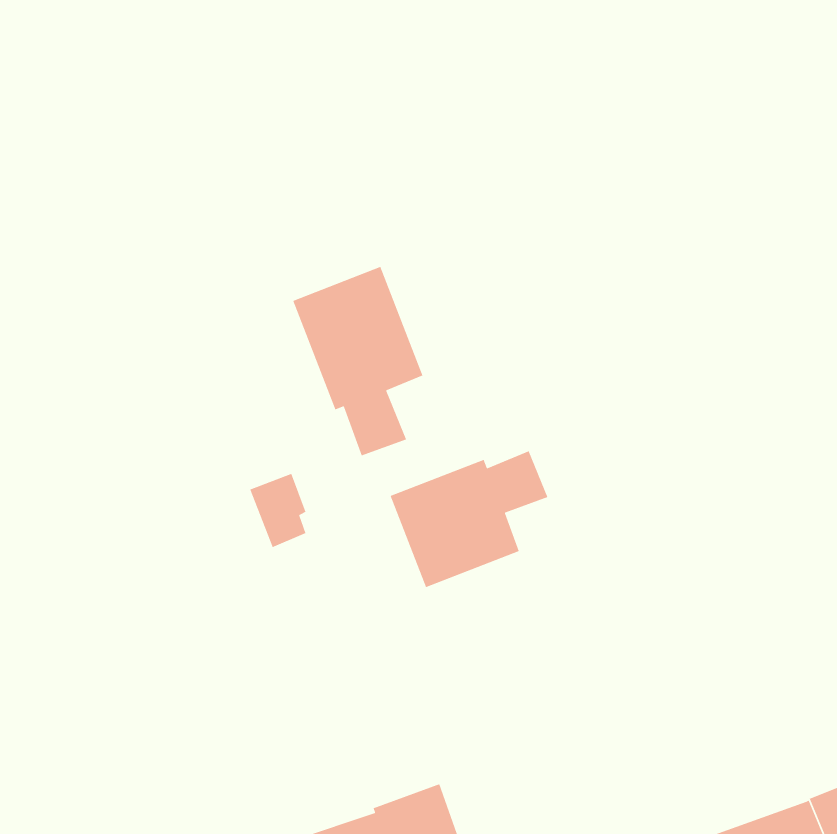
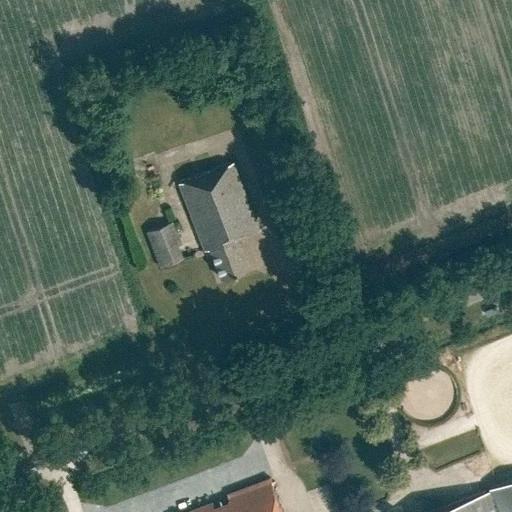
building: [390,450,549,588] -> none
building: [249,473,307,548] -> [147,224,182,270]

